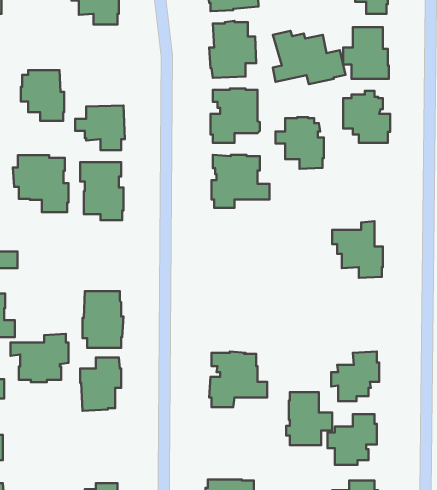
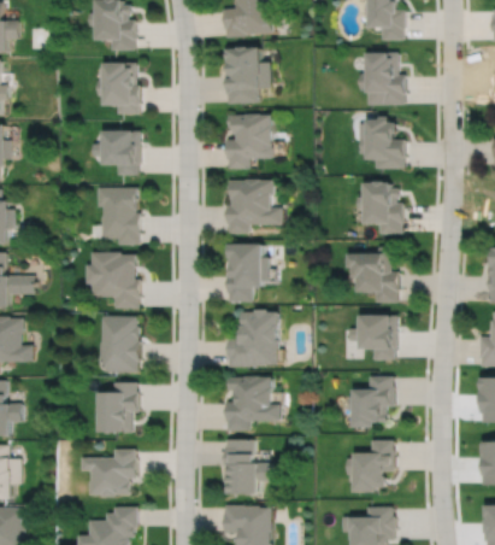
building: [273,31,345,84] -> none
building: [21,70,64,121] -> [96,63,140,113]
building: [275,117,324,169] -> [355,182,403,234]
building: [13,155,68,212] -> [84,252,140,309]
building: none -> [228,245,271,301]
building: none -> [226,310,281,368]
building: none -> [349,316,397,359]
building: [10,334,68,382] -> [78,450,136,498]
building: [286,392,332,445] -> [223,440,269,493]

